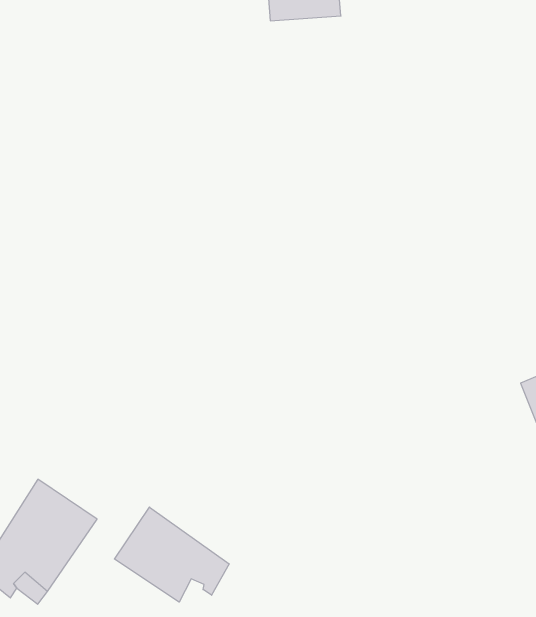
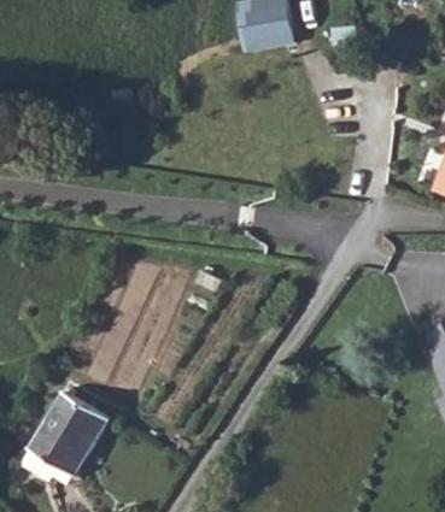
building: [114,507,229,602] -> none

